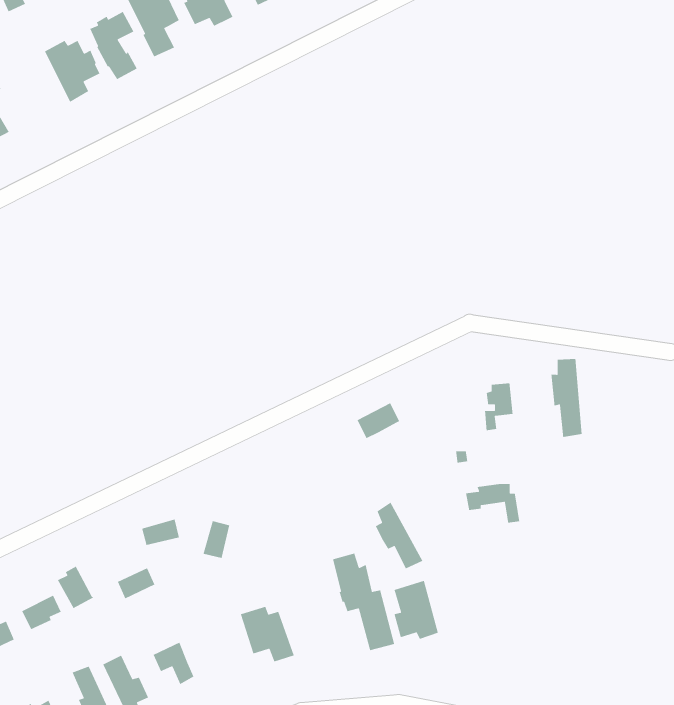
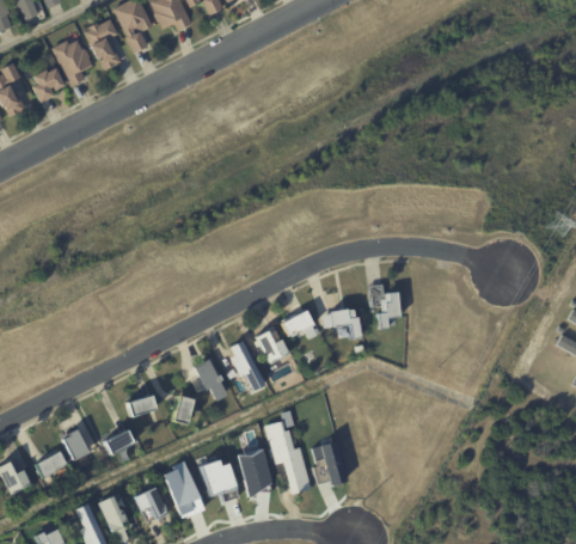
building: none -> [32,67,66,102]
building: [551,358,582,438] -> none
building: none -> [253,329,287,361]
building: none -> [191,356,223,399]
building: [465,483,520,524] -> [320,310,361,340]
building: [375,501,423,569] -> [229,341,265,391]
building: none -> [237,446,268,494]
building: none -> [163,462,202,517]

